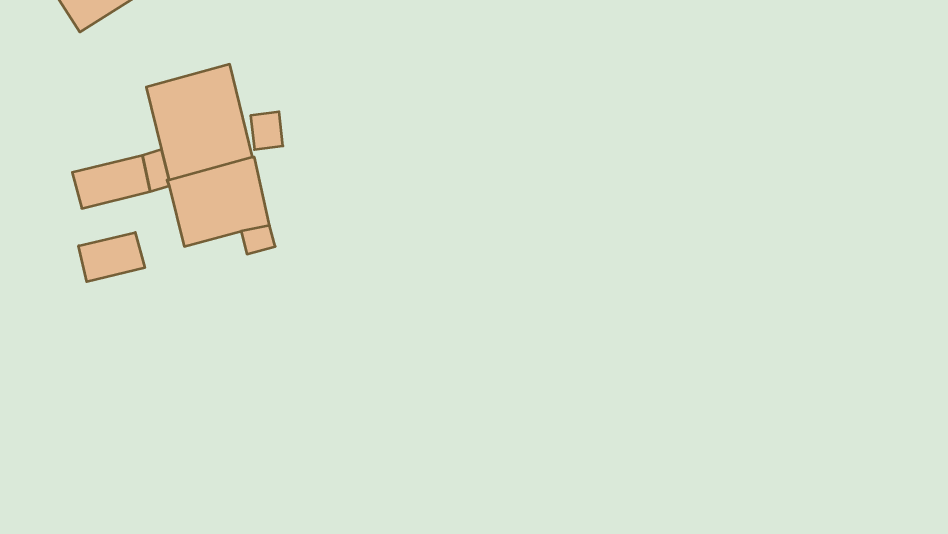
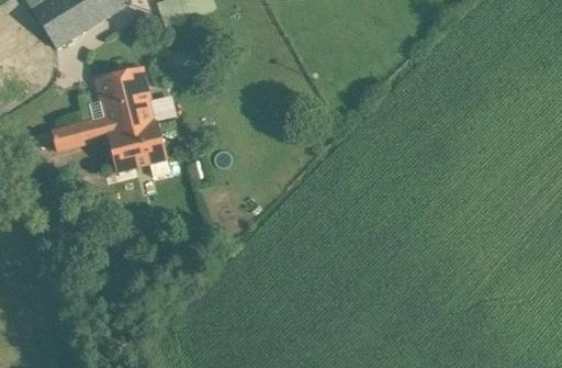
building: [79,232,145,282] -> none

